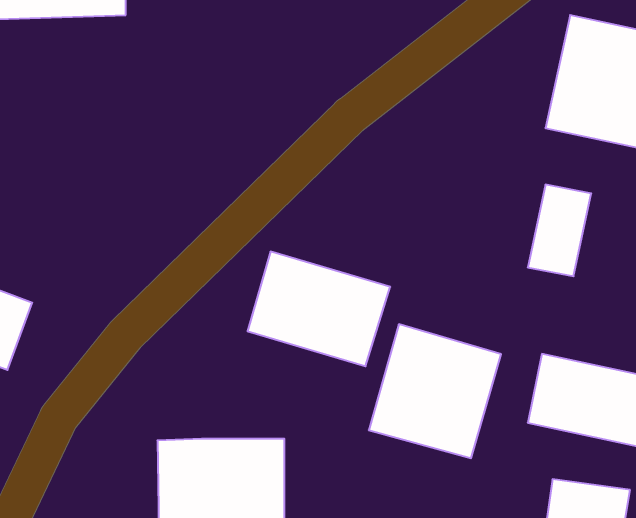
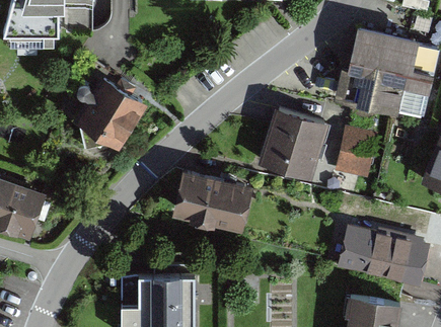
building: none -> [74,74,149,149]
building: [369,324,501,458] -> [250,104,326,181]

